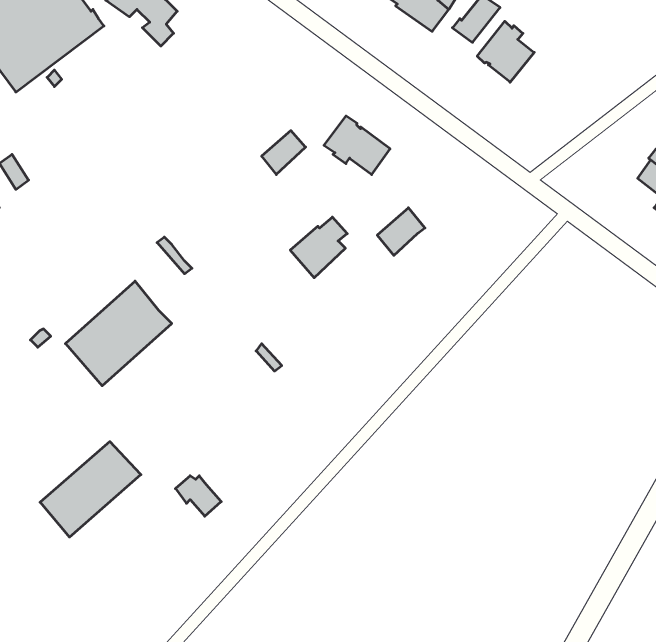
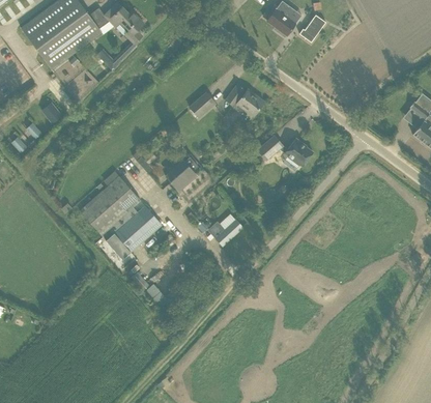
building: [477,21,534,82] -> none
building: none -> [283,138,312,167]
building: [290,217,347,278] -> [165,157,197,192]
building: none -> [209,219,242,246]
building: [40,442,141,537] -> [105,205,162,259]

